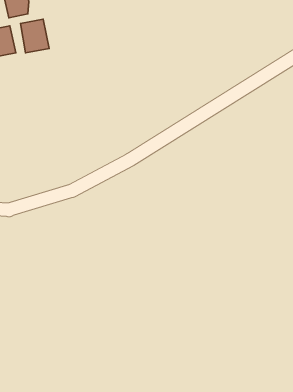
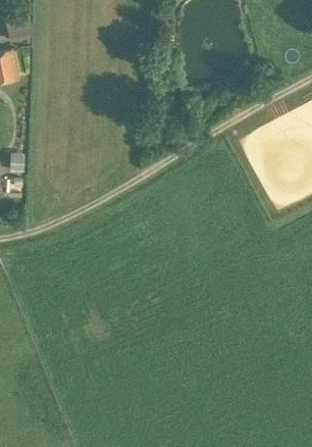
building: [21,19,49,53] -> none

